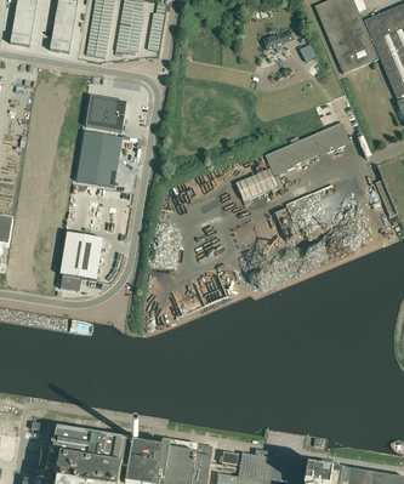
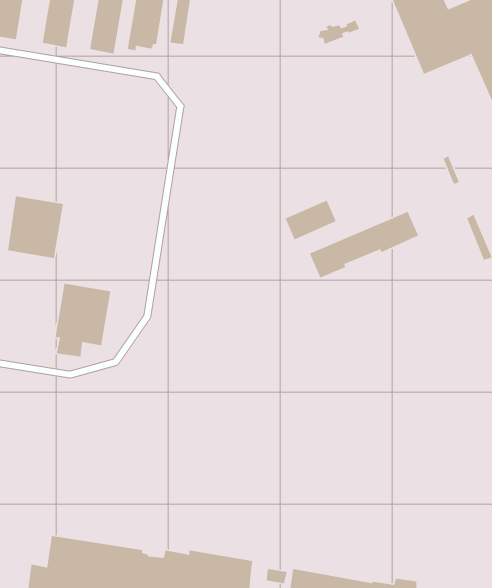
building: [86,95,126,130] -> none
building: [266,121,351,173] -> [309,211,419,279]
building: [78,137,121,186] -> [7,196,64,259]

